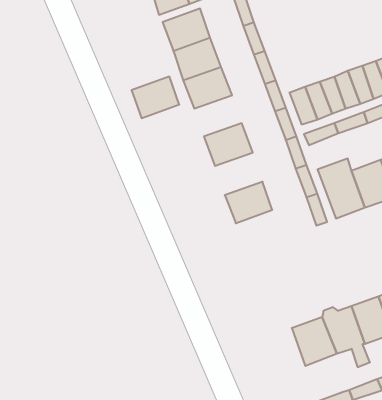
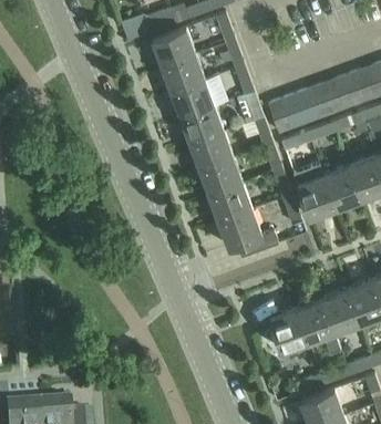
building: [132,77,179,118] -> [181,106,224,144]
building: none -> [199,158,243,197]
building: none -> [218,210,278,258]

